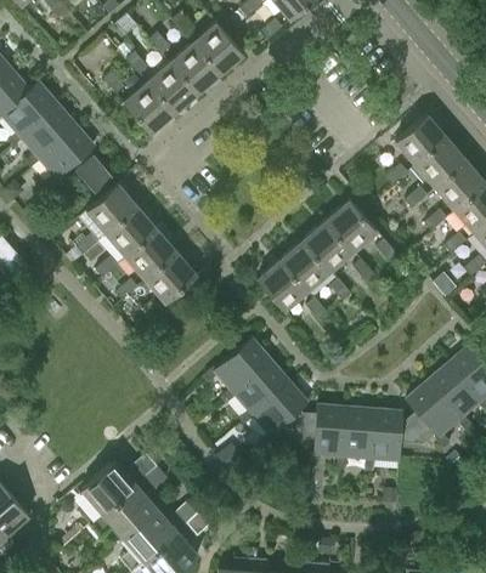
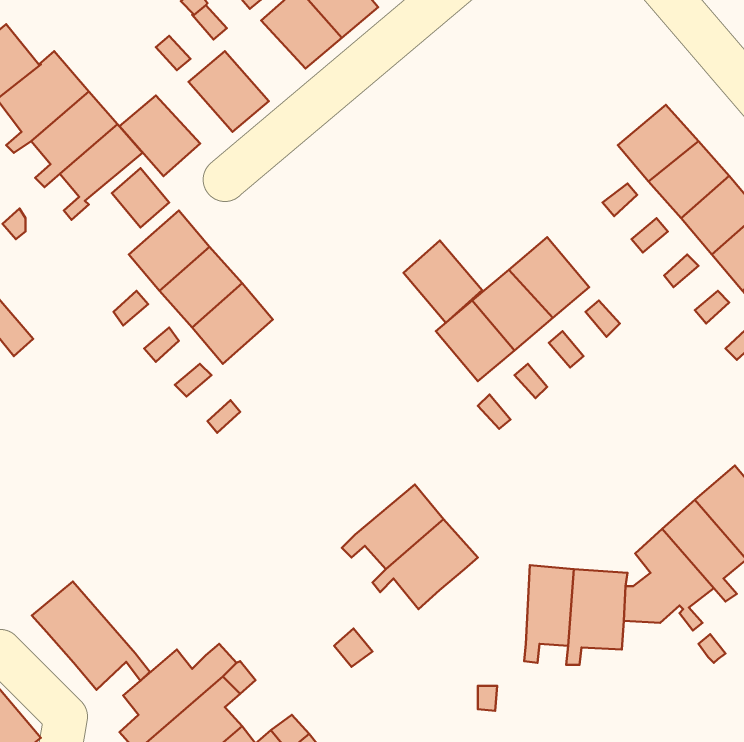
building: [147,62,198,113] -> [119,96,200,176]
building: [146,251,198,302] -> none
building: [258,259,307,311] -> [404,240,482,323]
building: [203,339,267,387] -> none
building: [283,405,340,466] -> none
building: none -> [32,581,150,690]

